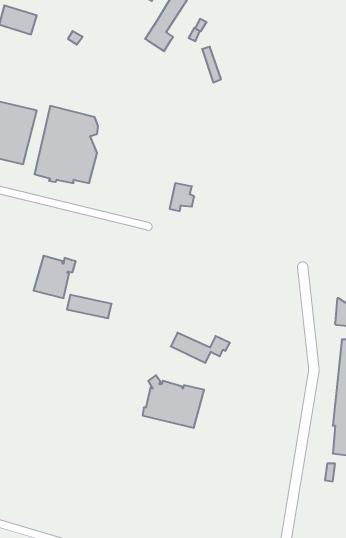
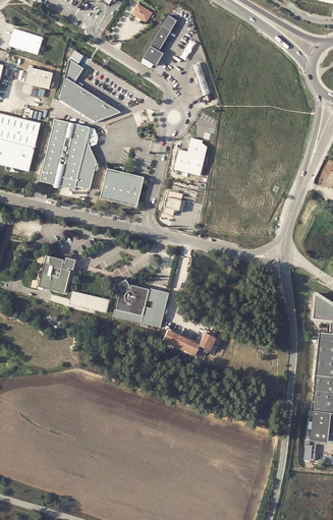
building: none -> [59,59,121,122]
building: none -> [24,66,53,90]
building: none -> [173,137,207,176]
building: none -> [100,168,145,207]
building: [143,375,204,428] -> [113,280,169,328]

